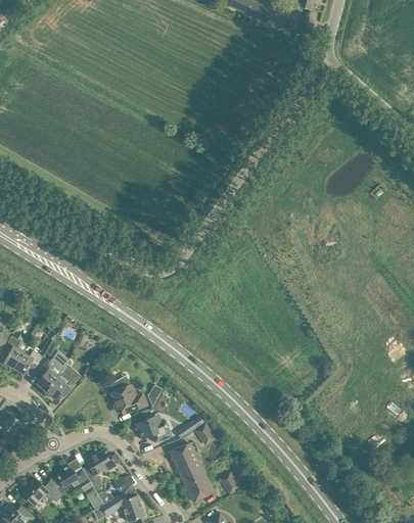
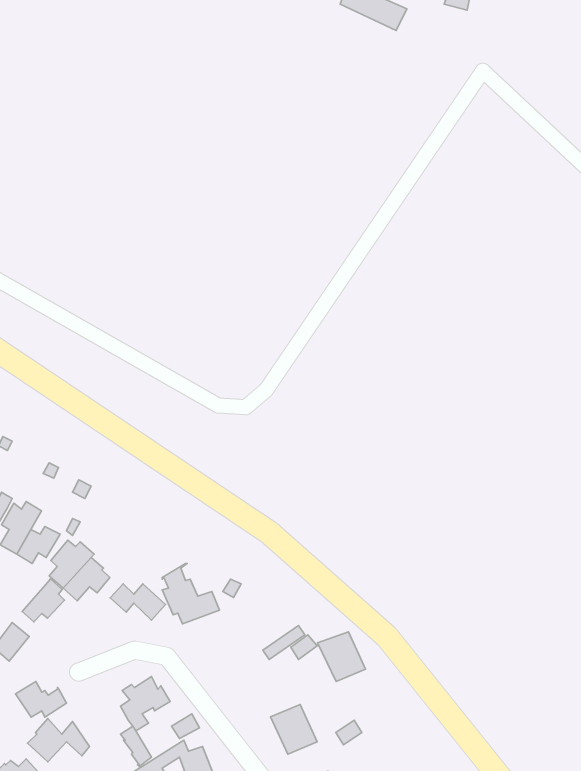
building: none -> [22,579,64,622]
building: none -> [110,584,166,620]
building: [135,416,172,442] -> none
building: [170,443,201,476] -> [318,632,366,681]
building: [54,464,88,487] -> [16,681,67,717]

